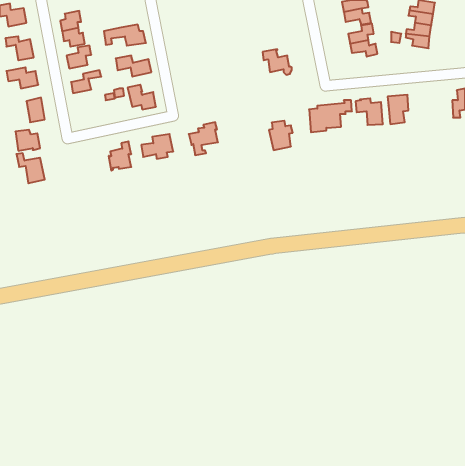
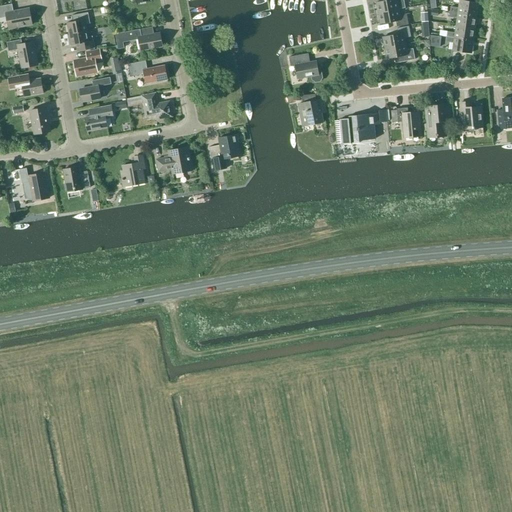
building: none -> [459,102,481,129]
building: none -> [83,105,112,132]
building: [269,121,293,150] -> [297,94,323,126]
building: [15,130,40,151] -> [62,167,89,190]

